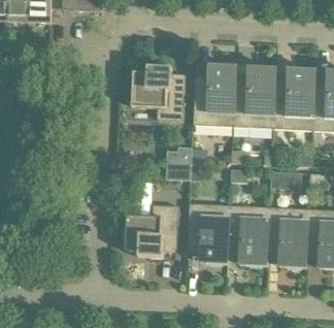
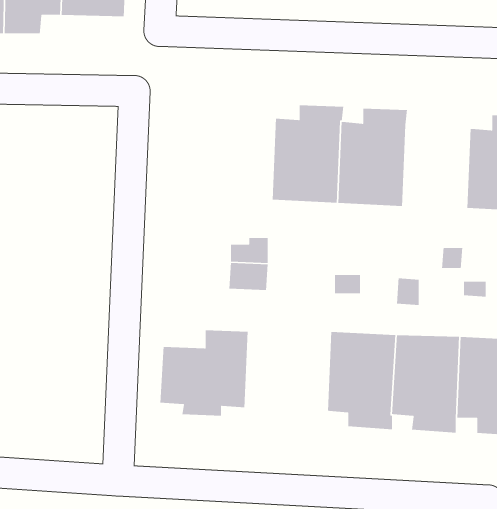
building: [131,65,185,120] -> none
building: [273,69,315,129] -> none
building: [187,202,229,263] -> none

